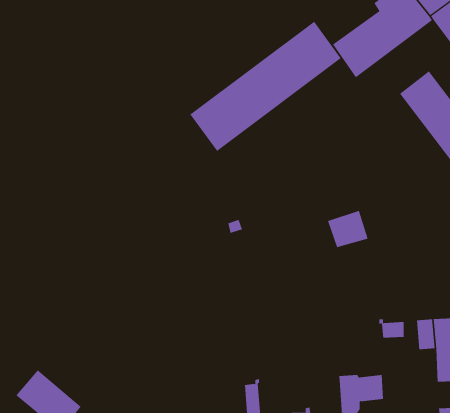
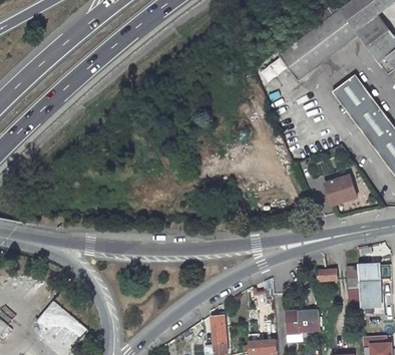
building: [190,21,342,152] -> none
building: [327,210,369,248] -> [325,175,357,205]

